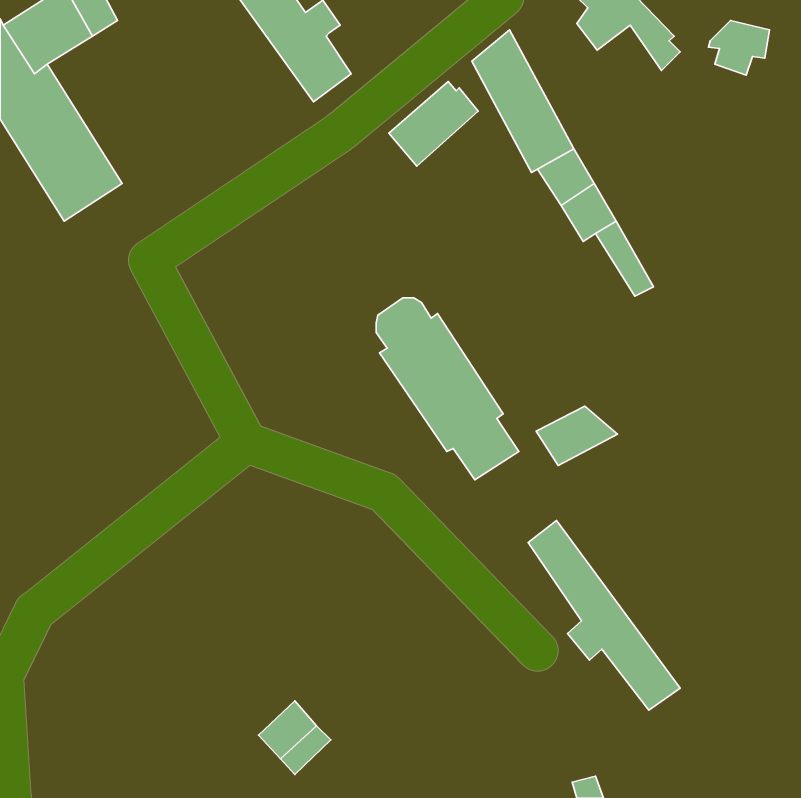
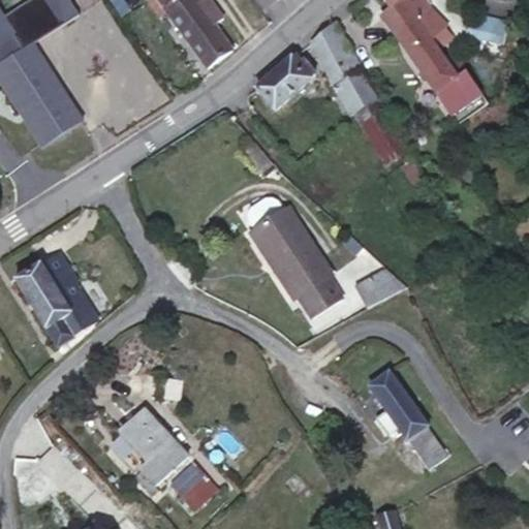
building: none -> [394,17,474,104]
building: none -> [14,251,98,347]
building: none -> [119,409,188,486]

